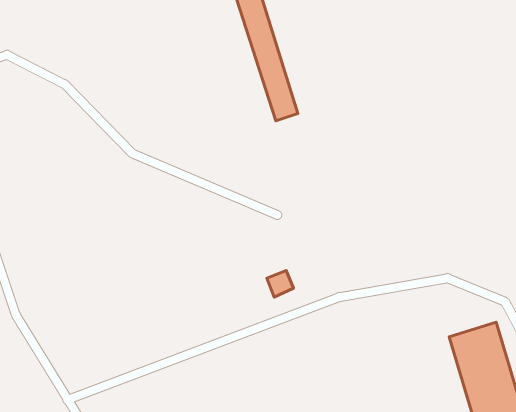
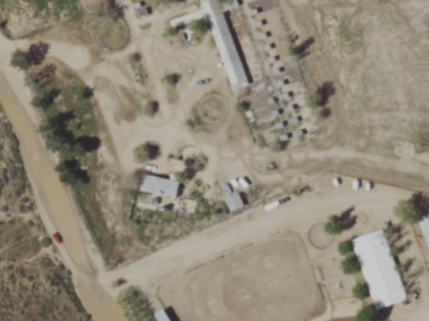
building: none -> [142,176,180,195]

